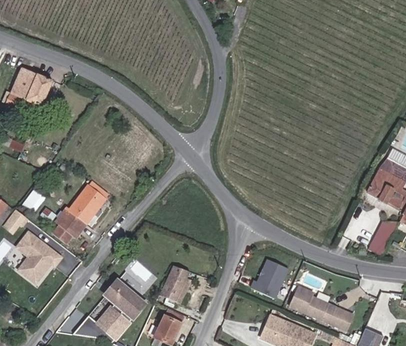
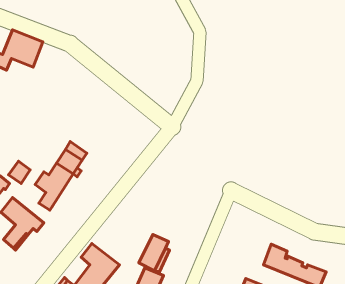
building: [253,262,290,304] -> none

